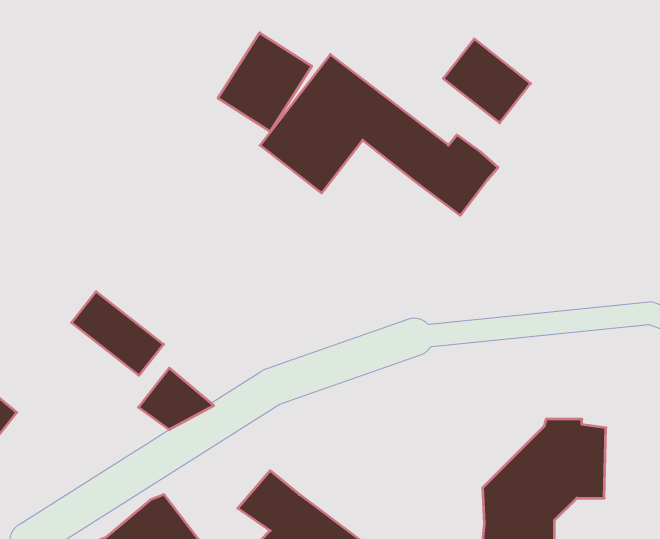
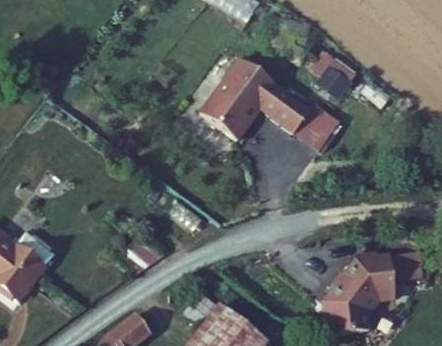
building: [218,33,312,132] -> none
building: [71,292,164,375] -> none

